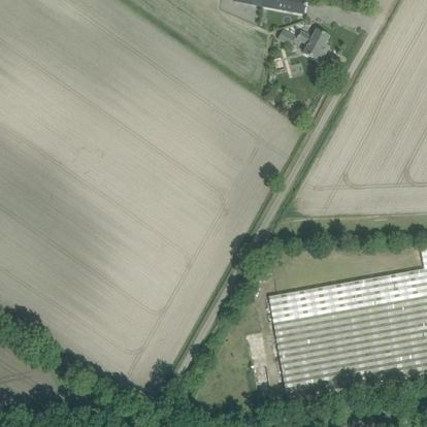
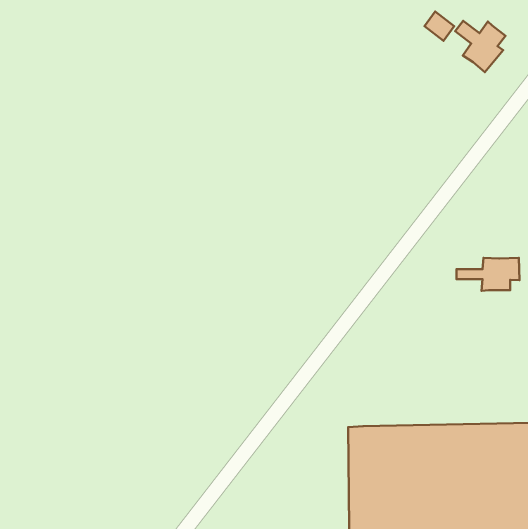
building: none -> [457,258,520,291]

